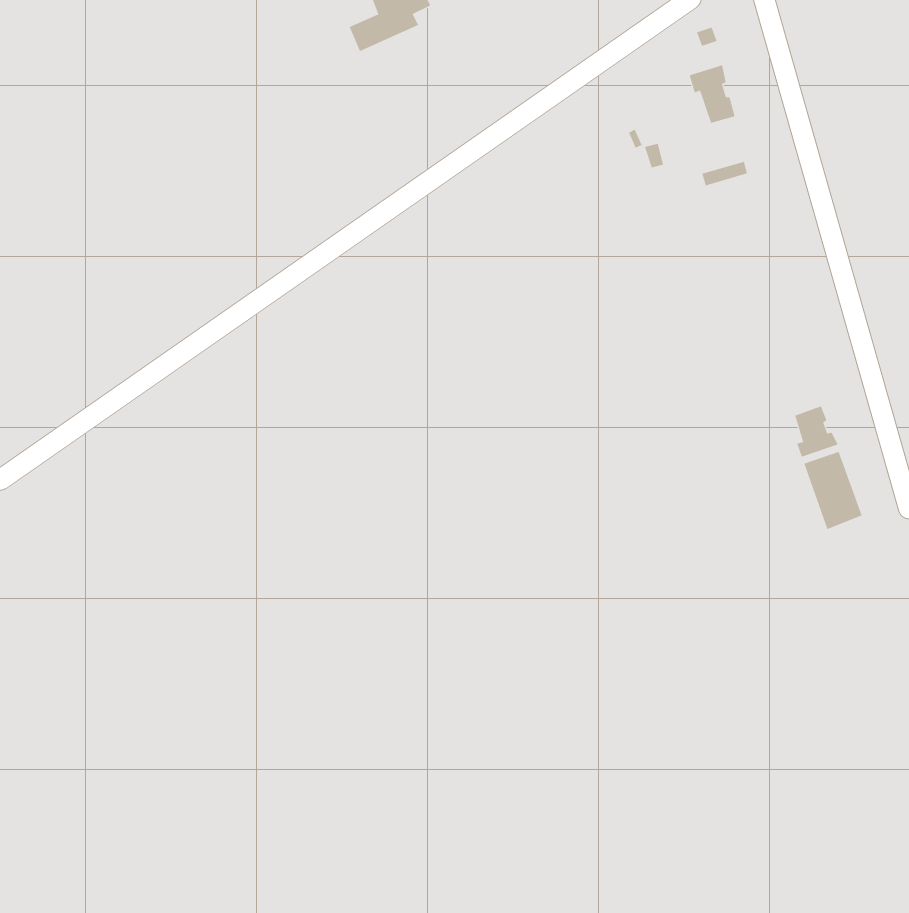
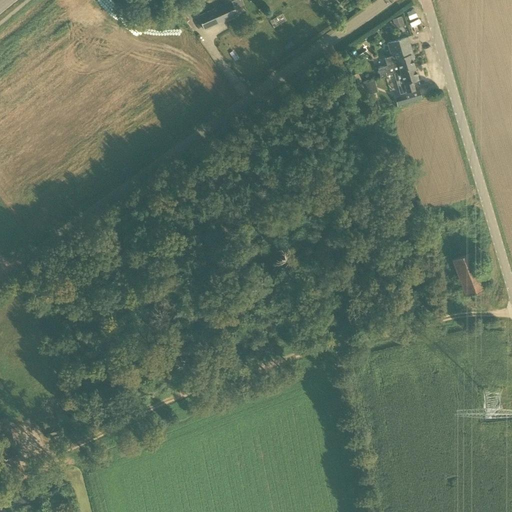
building: none -> [391,65,415,93]
building: [794,405,838,457] -> none

